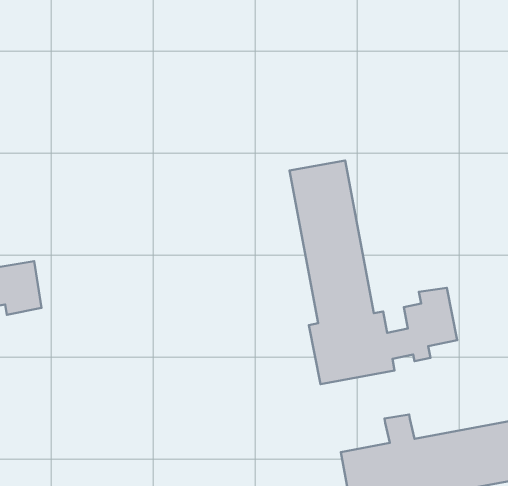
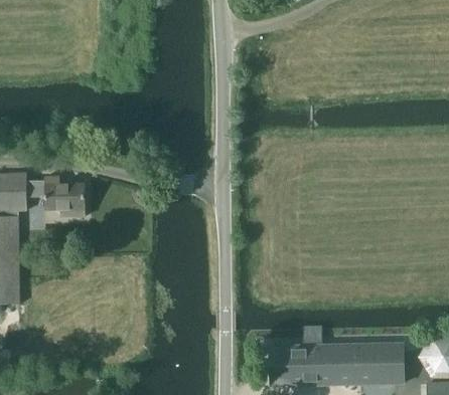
building: [290,161,457,384] -> none

